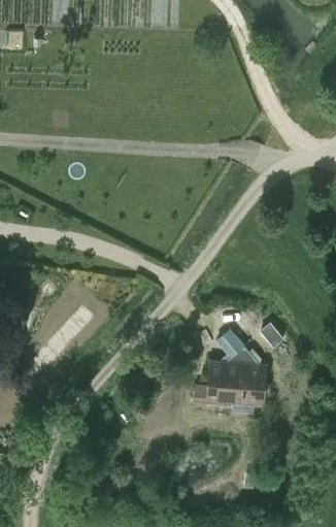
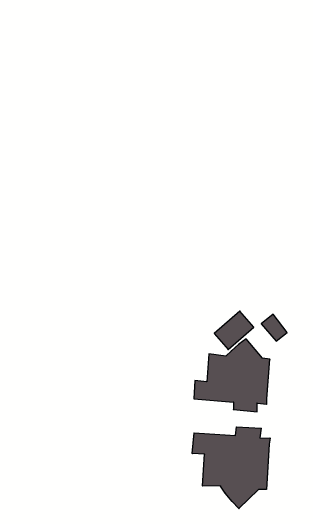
building: none -> [192,427,270,509]

